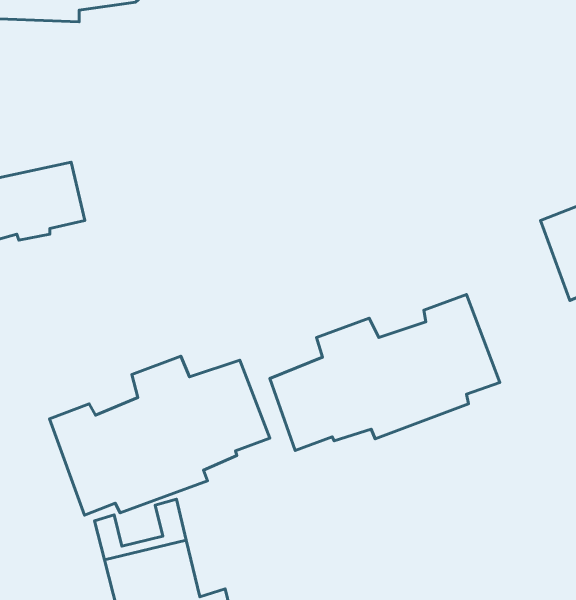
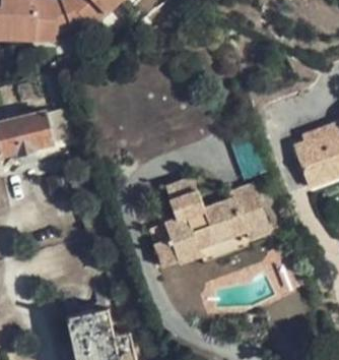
building: [50,356,270,515] -> none

